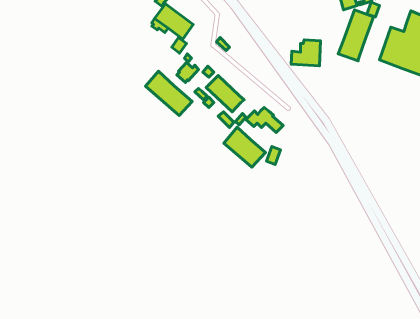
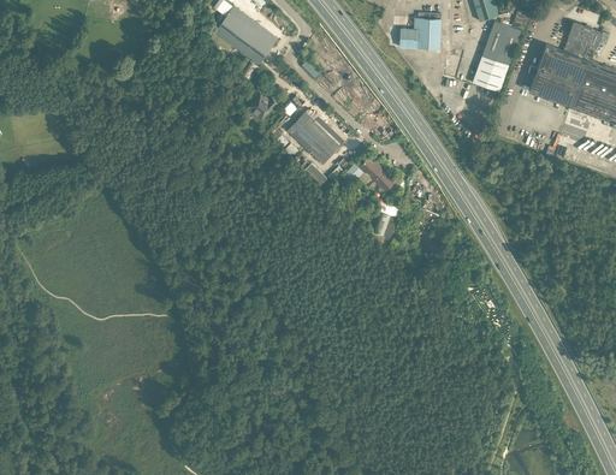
building: [291,40,320,66] -> [401,12,442,48]
building: [146,71,192,116] -> none
building: [224,127,266,167] -> none

